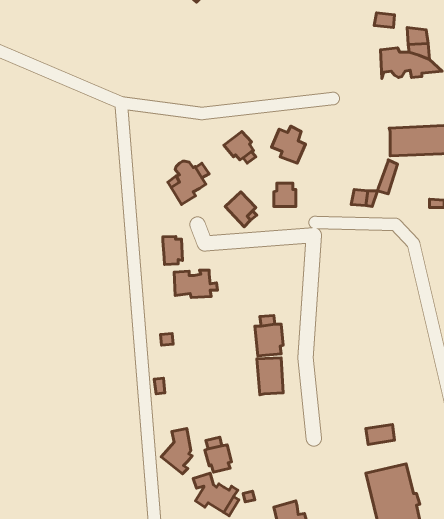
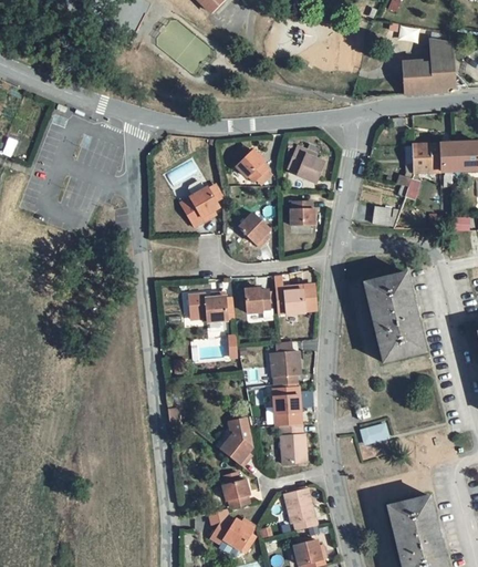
building: [163,237,183,264] -> none
building: none -> [363,272,425,363]
building: none -> [278,282,318,311]
building: none -> [246,287,271,312]
building: none -> [281,422,309,462]
building: [366,424,394,445] -> [358,421,388,442]
building: [161,428,192,474] -> [218,416,250,464]
building: none -> [281,486,318,528]

